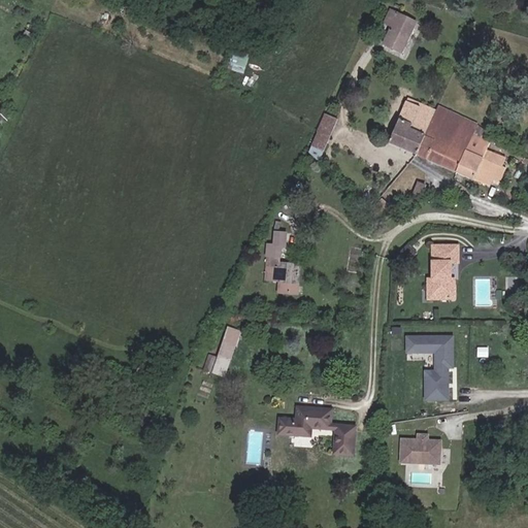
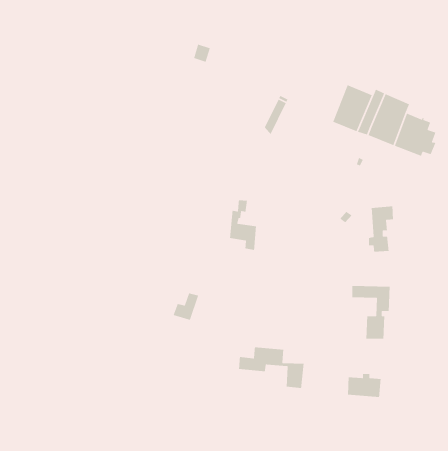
building: [382,11,412,53] -> none

